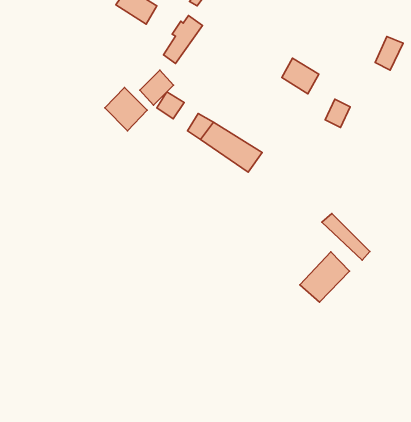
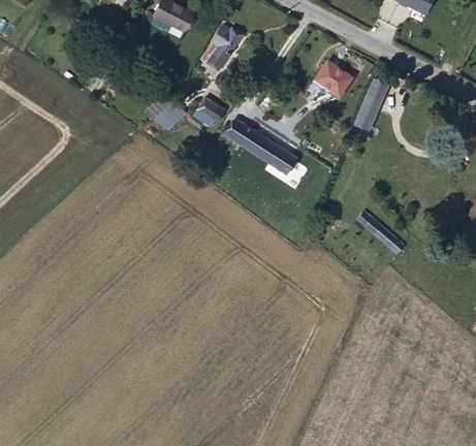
building: [375,36,403,70] -> [364,79,391,112]
building: [140,70,173,105] -> none
building: [300,252,350,302] -> none

